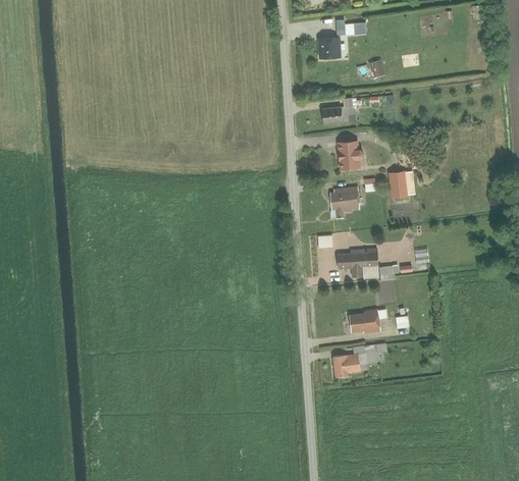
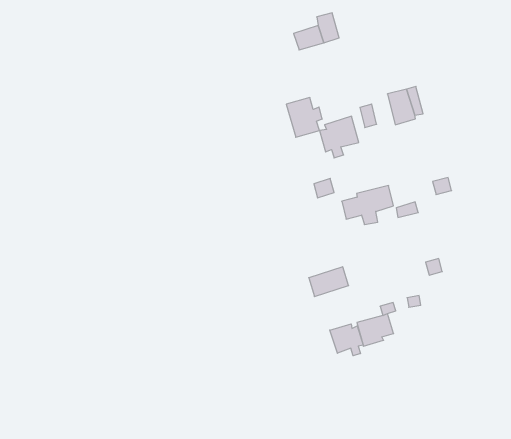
building: [338,140,365,170] -> [286,98,322,137]
building: [350,311,381,331] -> [309,267,349,297]
building: none -> [330,324,363,356]

